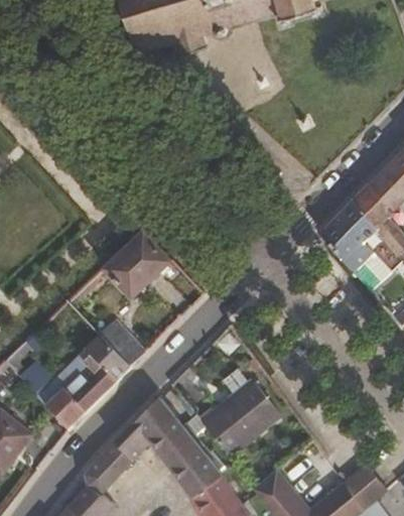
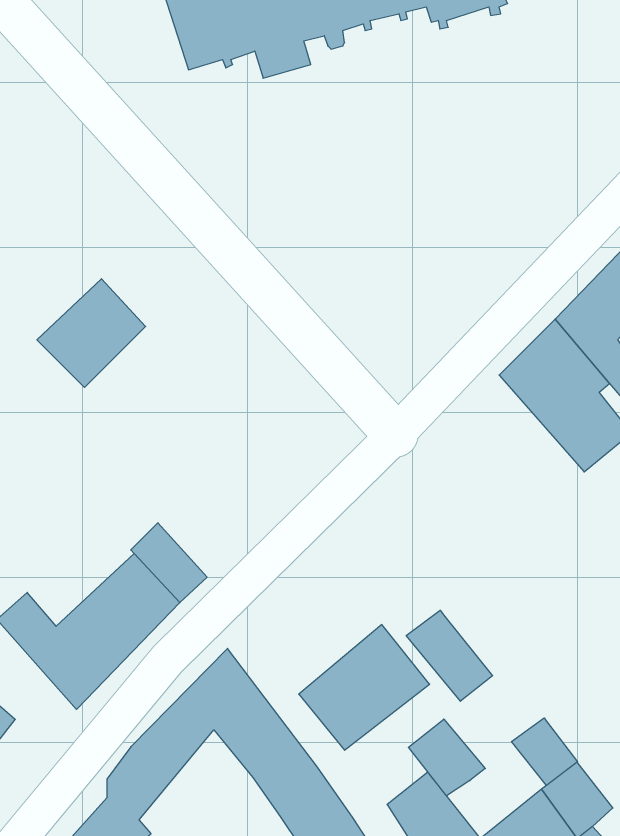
building: [106,231,170,295] -> [37,279,146,387]
building: none -> [406,610,493,701]
building: none -> [512,718,578,785]
building: none -> [408,719,485,796]

